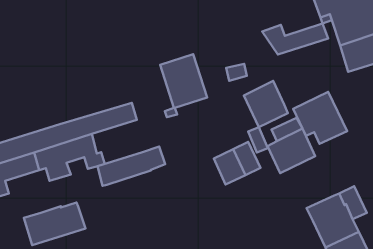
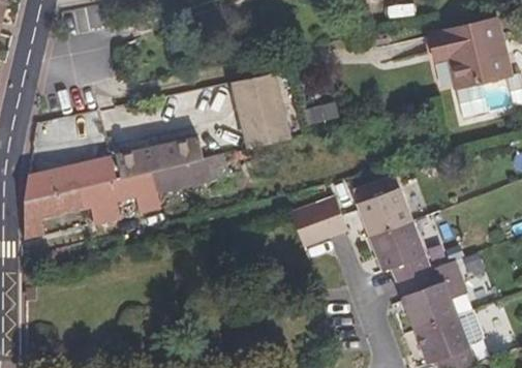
building: [262,24,328,55] -> none
building: [244,81,288,127] -> none
building: [293,92,347,144] -> [369,219,431,280]
building: [97,146,165,186] -> [149,153,229,194]
building: [24,202,85,245] -> none

